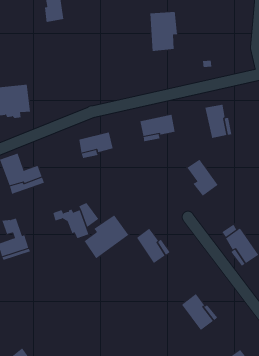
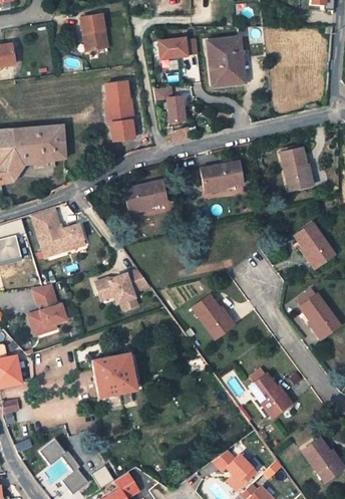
building: none -> [159,35,200,55]
building: none -> [105,81,133,140]
building: none -> [158,83,189,119]
building: [187,159,218,196] -> [297,225,335,270]
building: [84,215,129,259] -> none
building: none -> [90,353,134,397]

